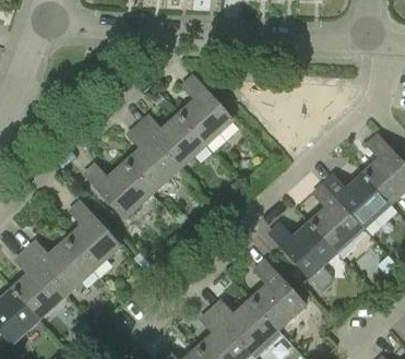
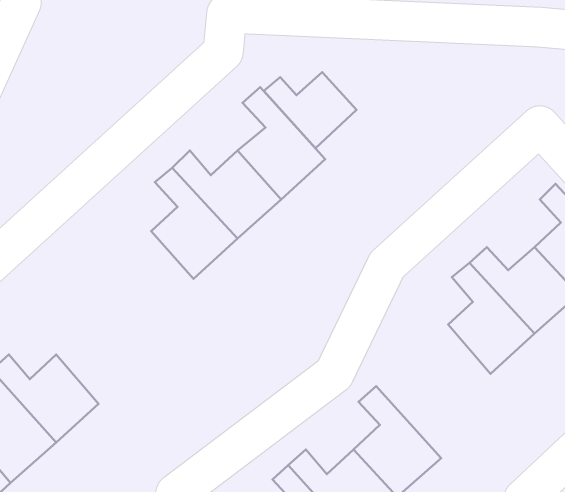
building: none -> [264,72,356,148]
building: [84,164,151,217] -> none
building: [65,201,120,271] -> none
building: [269,222,335,289] -> none

